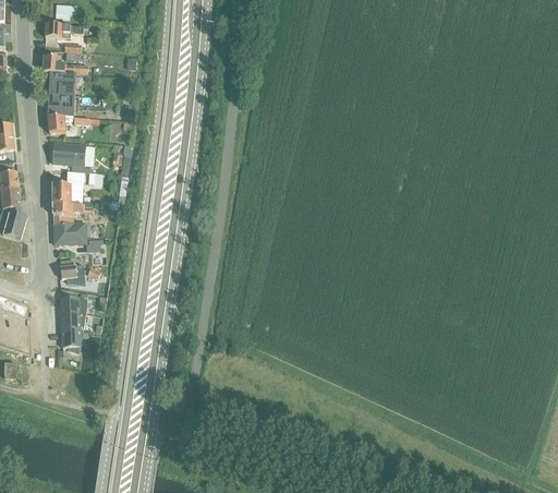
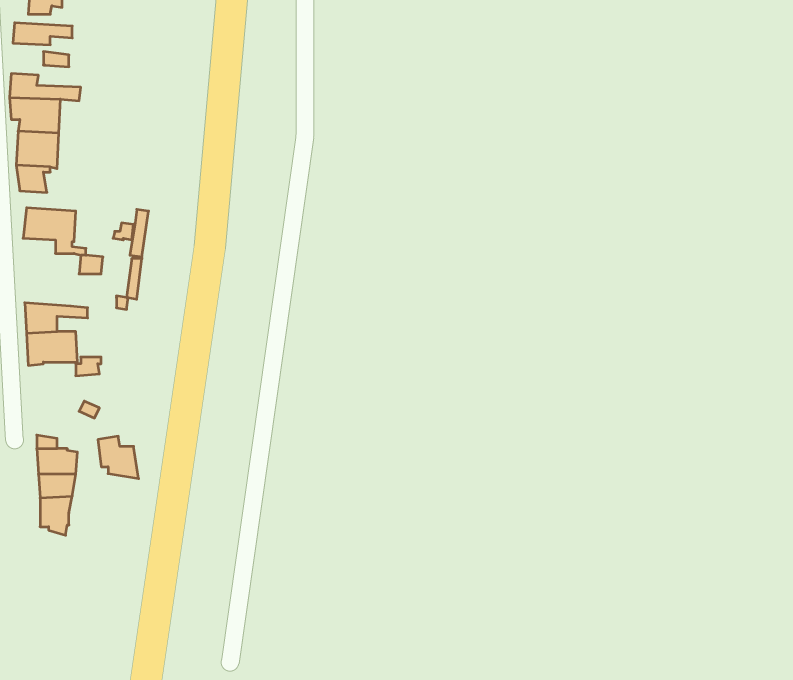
building: [52,171,84,206] -> none
building: [59,258,85,286] -> [98,436,139,479]

